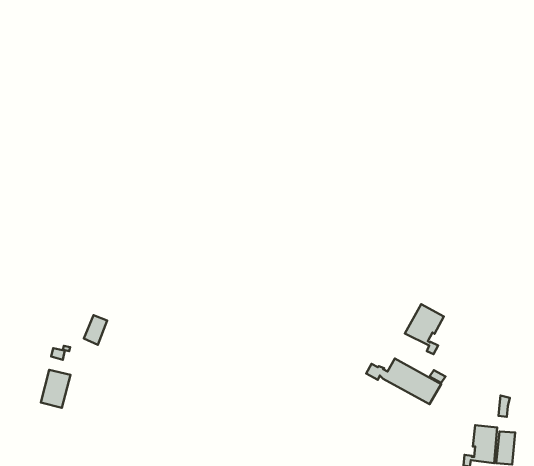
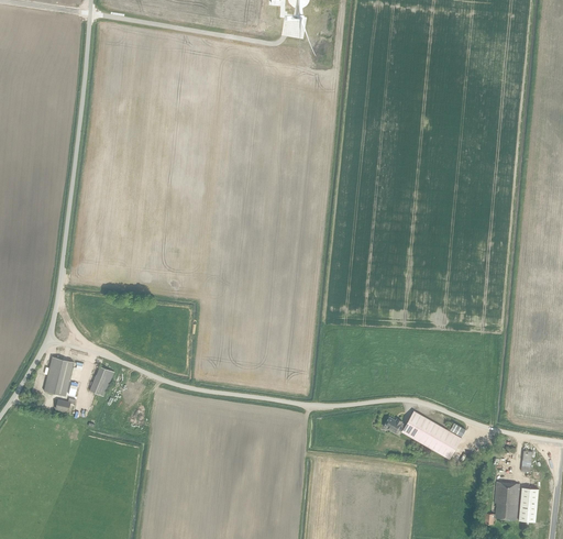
building: [405,304,444,354] -> none
building: [41,370,70,408] -> [43,356,74,396]

